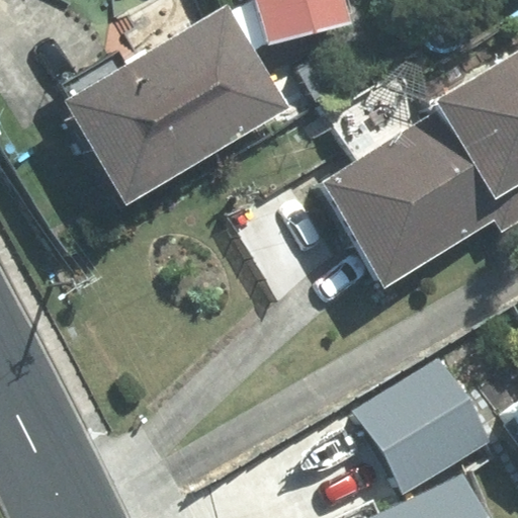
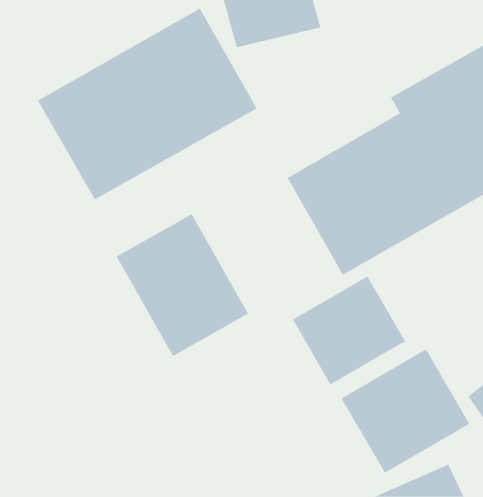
building: none -> [116,214,249,357]
building: none -> [292,276,406,385]

